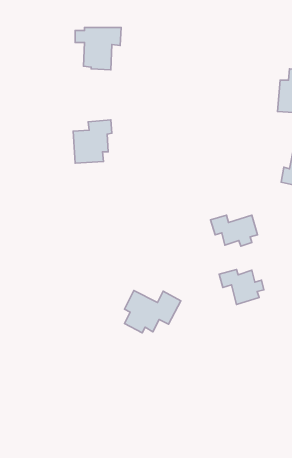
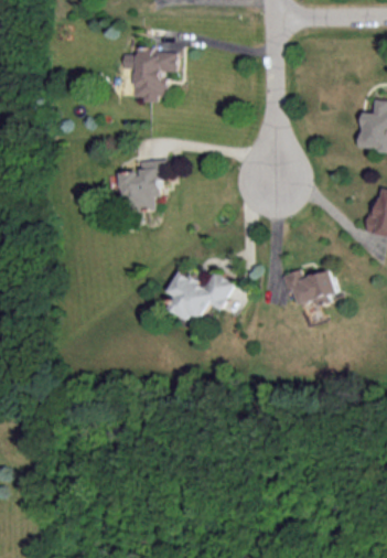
building: [219,269,264,304] -> none
building: [124,290,181,333] -> [168,270,234,320]

